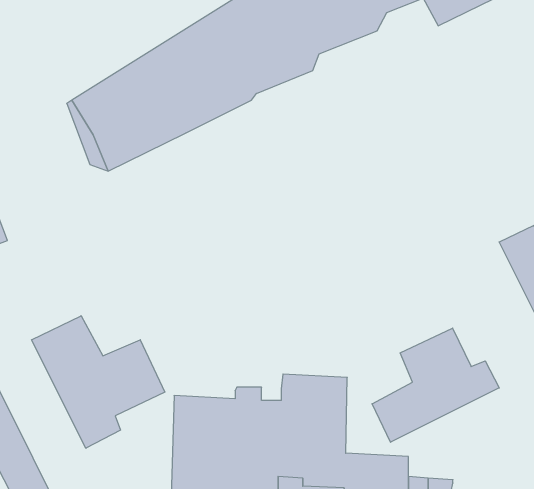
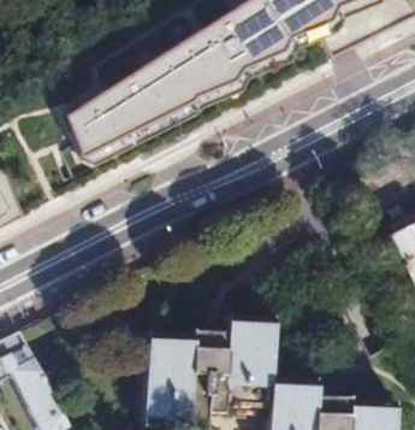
building: [32,316,165,448] -> none
building: [372,328,499,442] -> none

